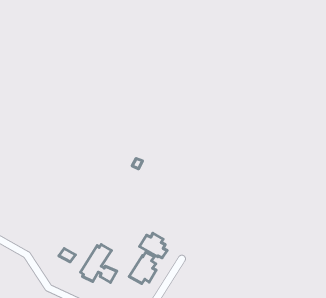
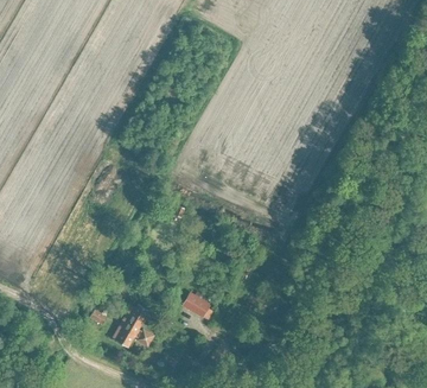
building: [129,252,156,284] -> none

